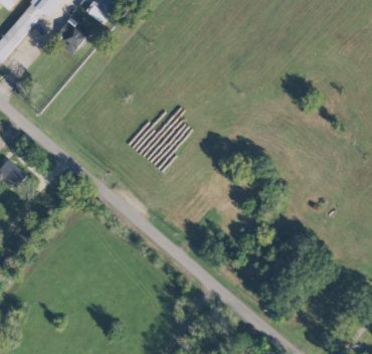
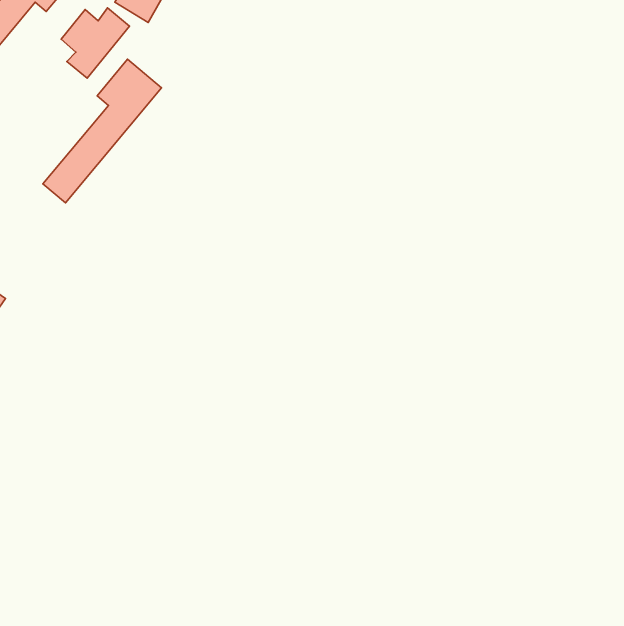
building: none -> [43,59,162,203]

